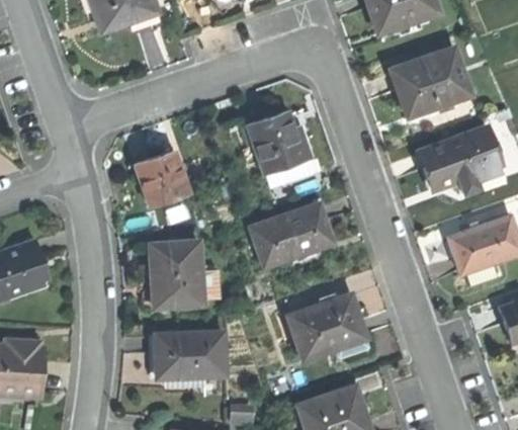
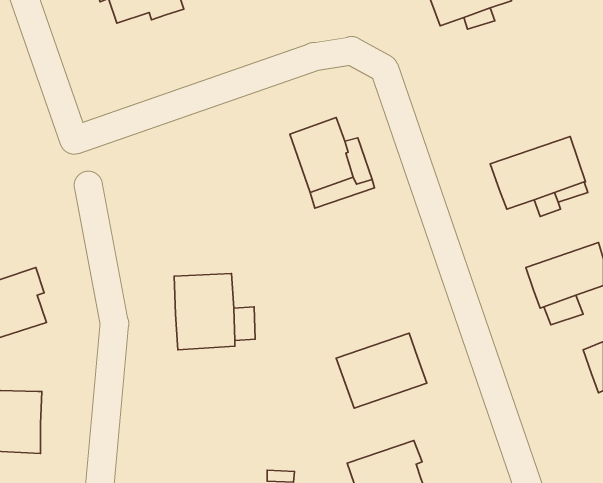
building: [391,47,470,116] -> none
building: [135,150,189,207] -> none
building: [251,201,333,263] -> none
building: [155,332,226,377] -> none

